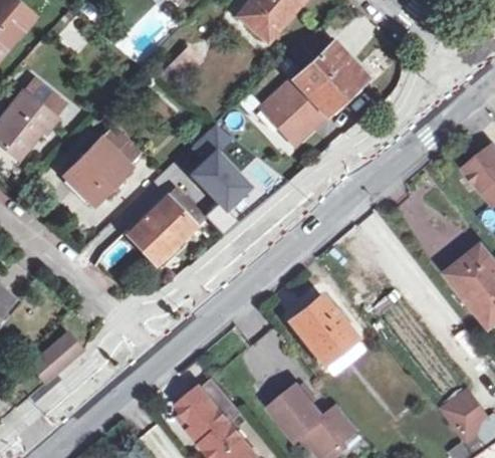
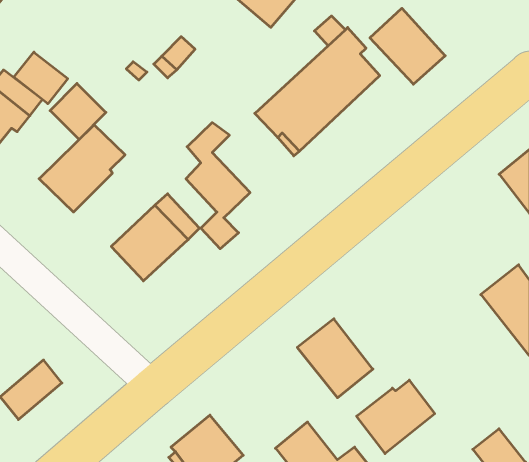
building: none -> [370,8,445,84]
building: none -> [14,52,68,104]
building: none -> [50,83,106,140]
building: none -> [357,380,435,454]

